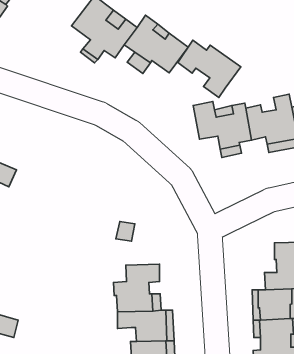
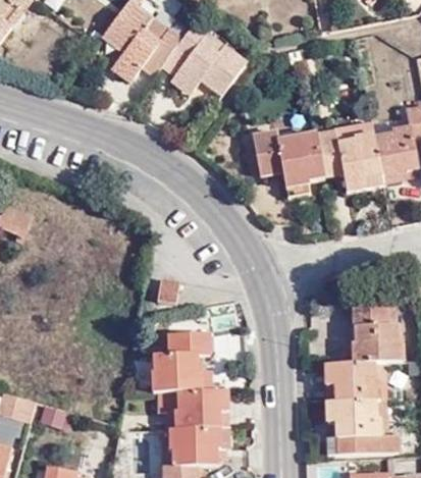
building: [178,40,241,97] -> none

